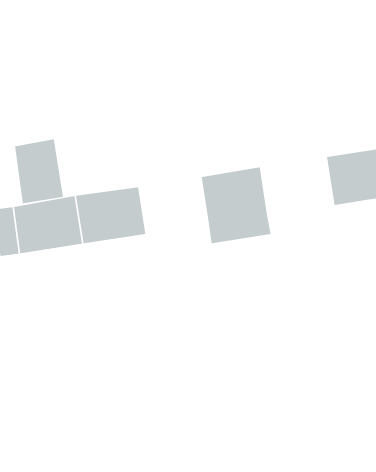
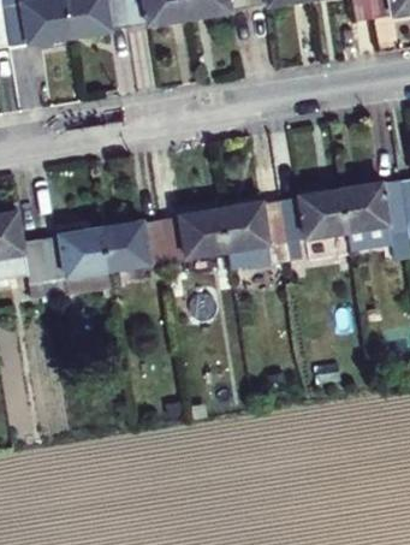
building: [15,139,63,204] -> none
building: none -> [279,189,350,245]
building: none -> [161,208,228,263]

